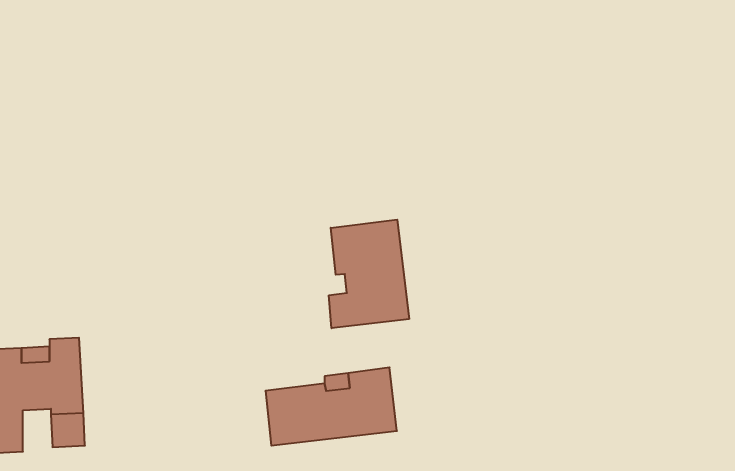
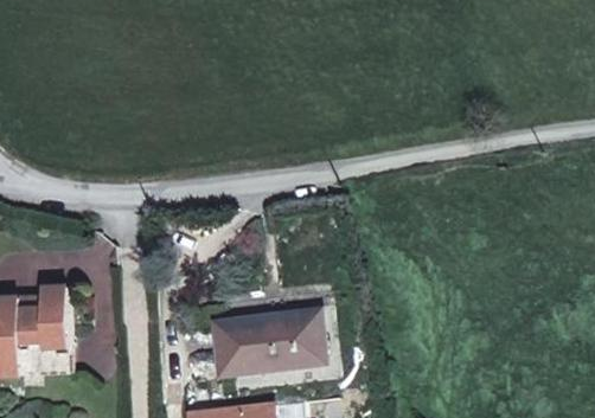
building: [329,220,409,328] -> none

